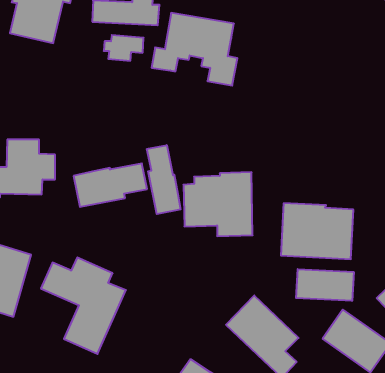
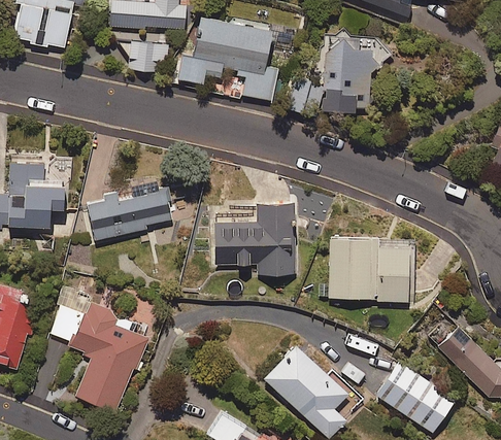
building: none -> [320,26,394,108]
building: [147,145,181,214] -> none
building: [296,269,354,301] -> none

